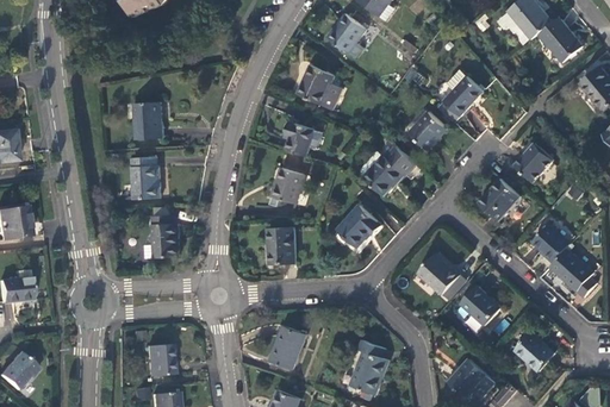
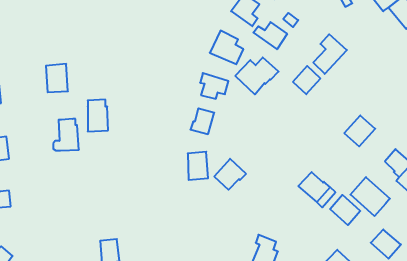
building: none -> [253,22,287,49]
building: [132,100,162,138] -> [46,64,68,92]
building: [515,142,554,181] -> none
building: [357,144,416,194] -> [235,57,279,94]
building: [337,205,380,246] -> [214,159,246,190]
building: [145,214,180,257] -> [53,119,79,151]
building: none -> [350,177,390,216]
building: [269,325,306,368] -> none

